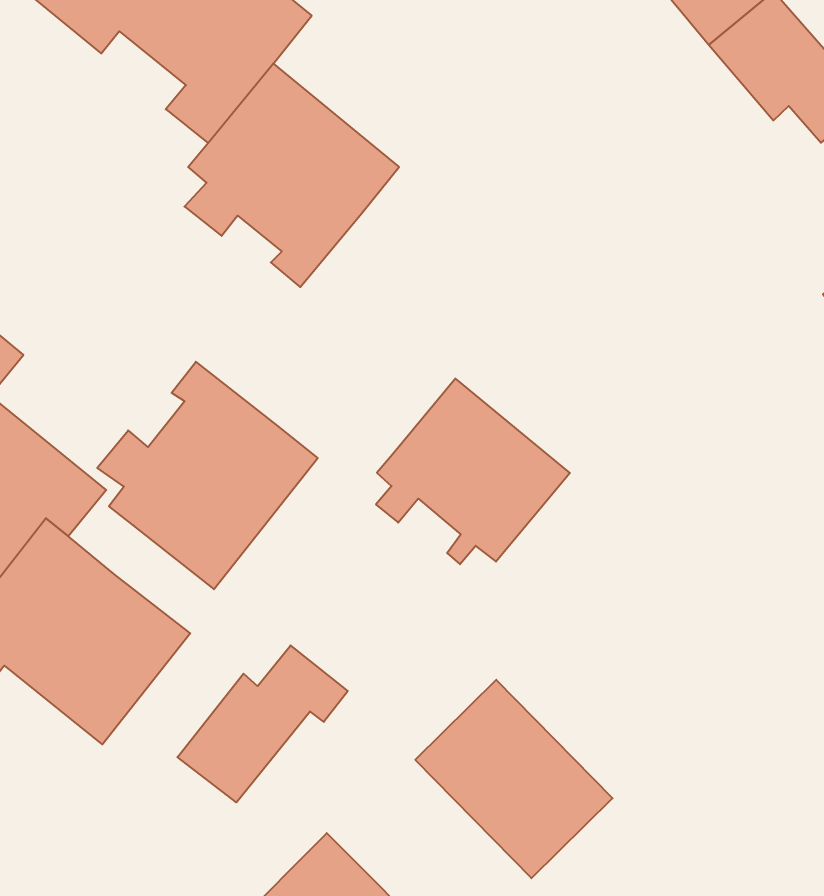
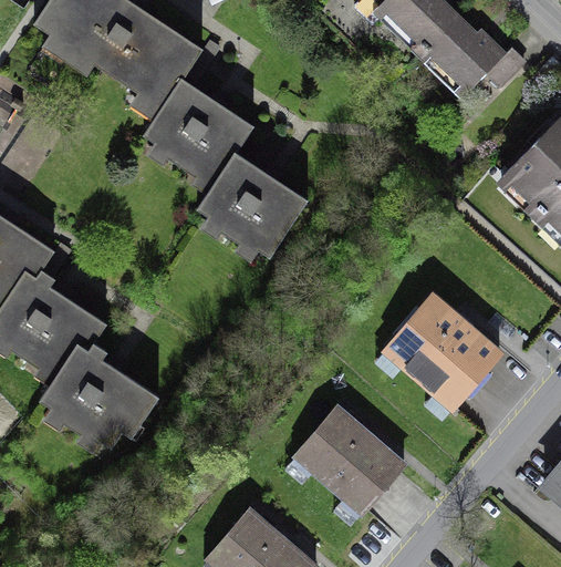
building: [97,362,318,589] -> none
building: [376,379,570,564] -> [199,155,307,258]
building: none -> [384,295,506,413]
building: [177,645,348,802] -> none

